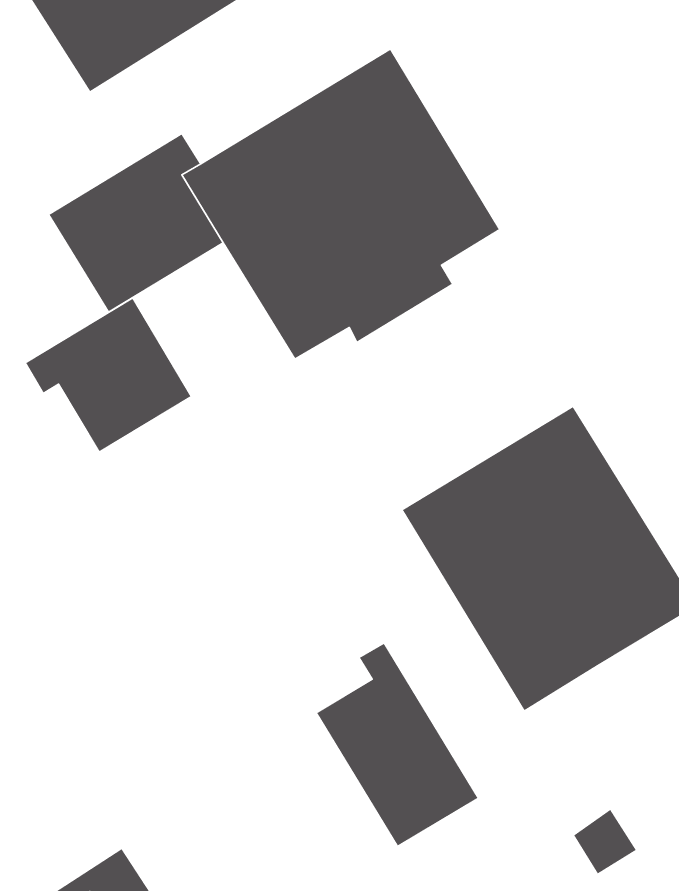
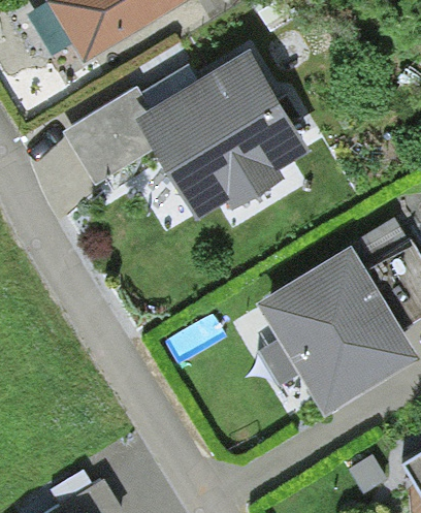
building: [25,298,192,452] -> none
building: [316,643,479,847] -> none

